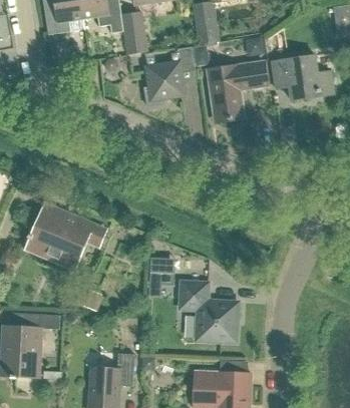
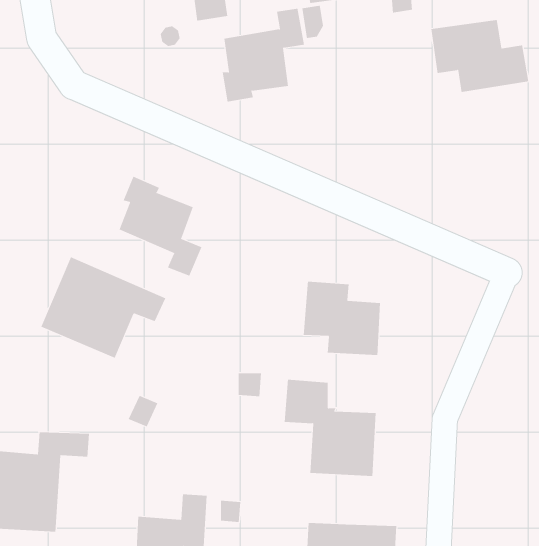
building: [211,62,268,120] -> none
building: none -> [119,176,202,277]
building: none -> [303,281,381,356]

